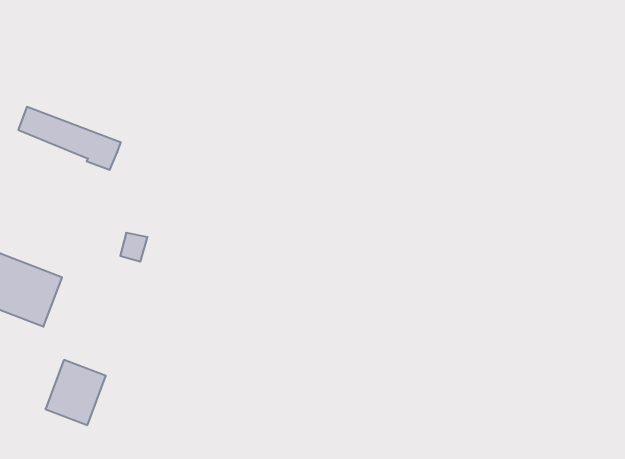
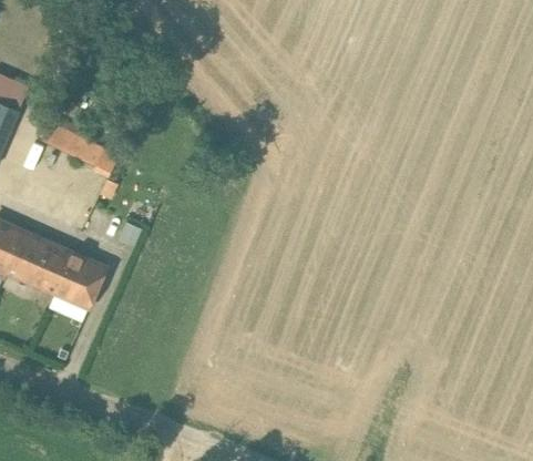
building: [45,360,106,425] -> [53,255,102,307]

